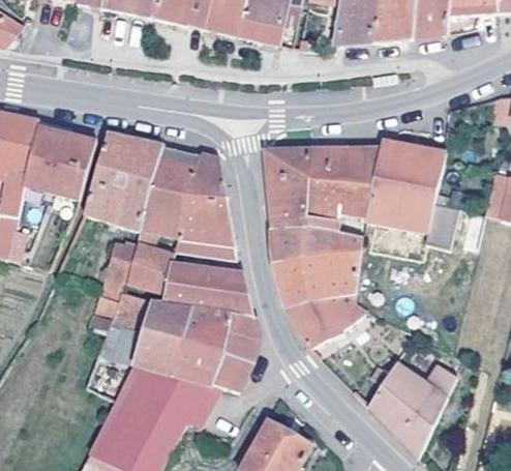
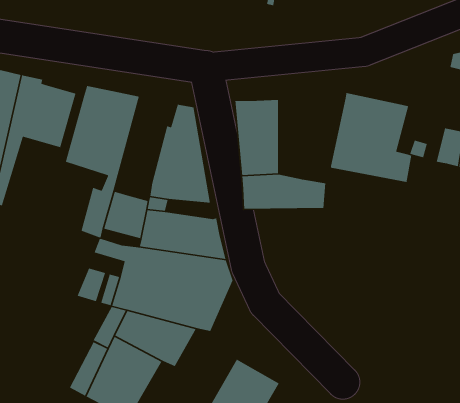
building: [137,144,203,247] -> none
building: [309,146,379,231] -> none
building: [272,262,362,348] -> none
building: [366,361,456,459] -> none

